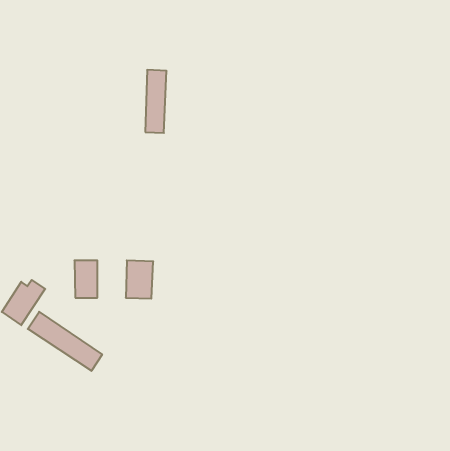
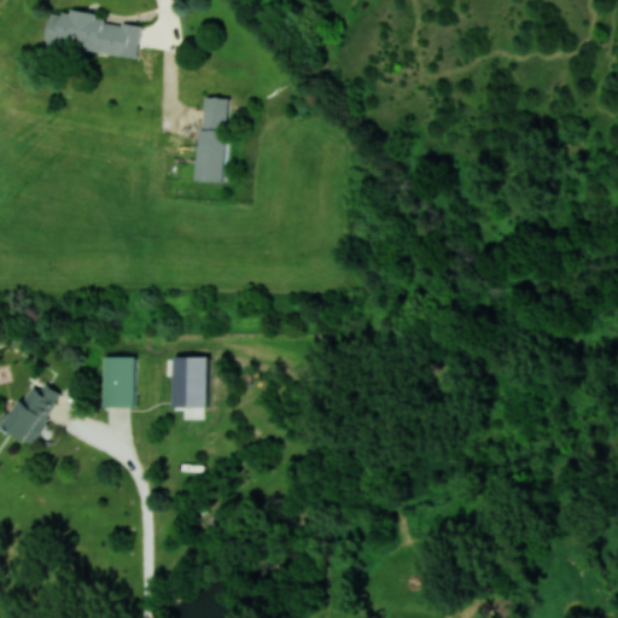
building: none -> [45,11,139,58]
building: [28,312,102,371] -> none

